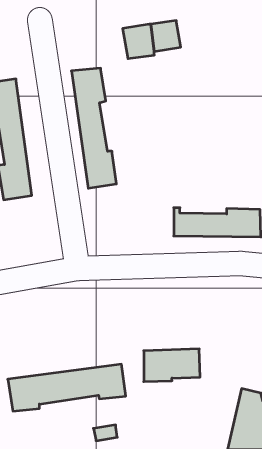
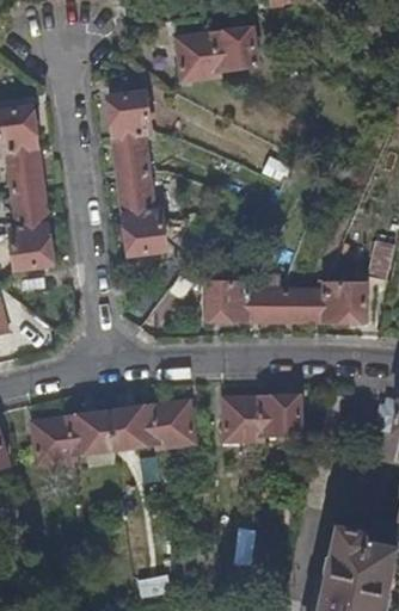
building: none -> [207,282,245,320]
building: [144,349,200,382] -> [222,396,299,440]
building: [8,364,126,411] -> [32,400,192,463]

